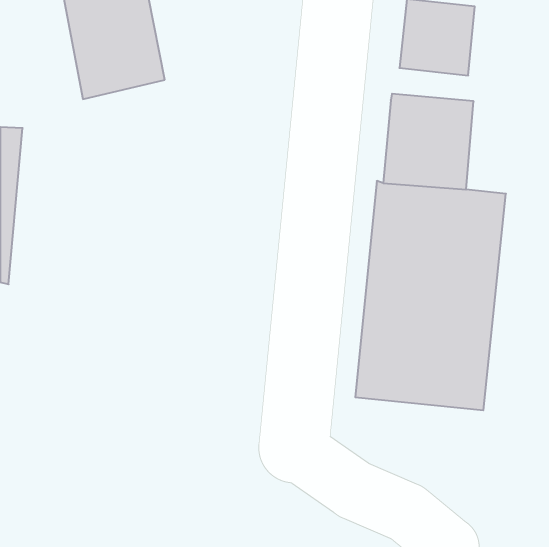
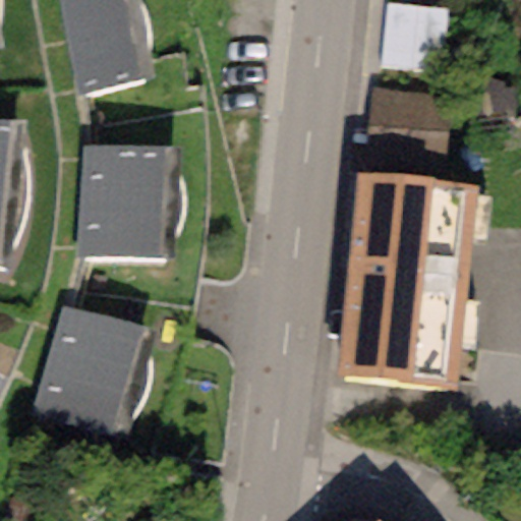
building: none -> [78,144,176,257]
building: none -> [31,306,153,435]

